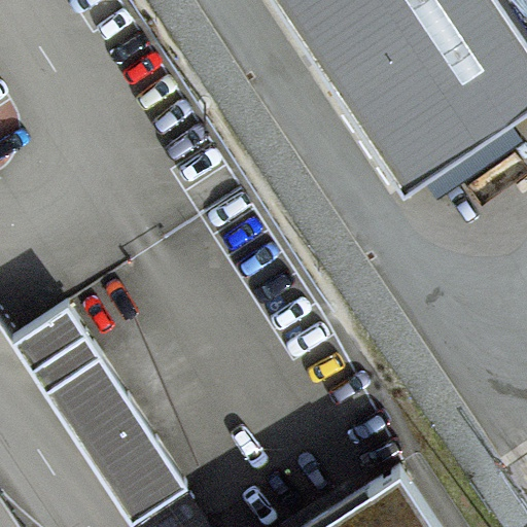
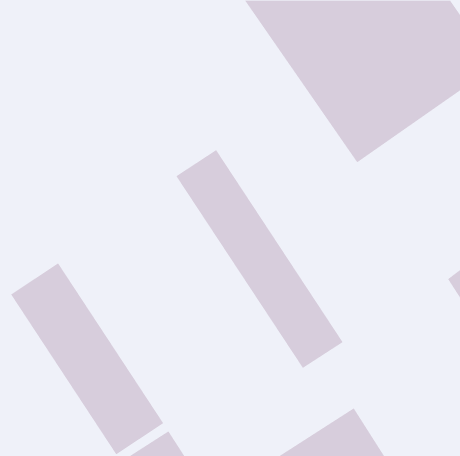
building: none -> [176,149,343,369]

